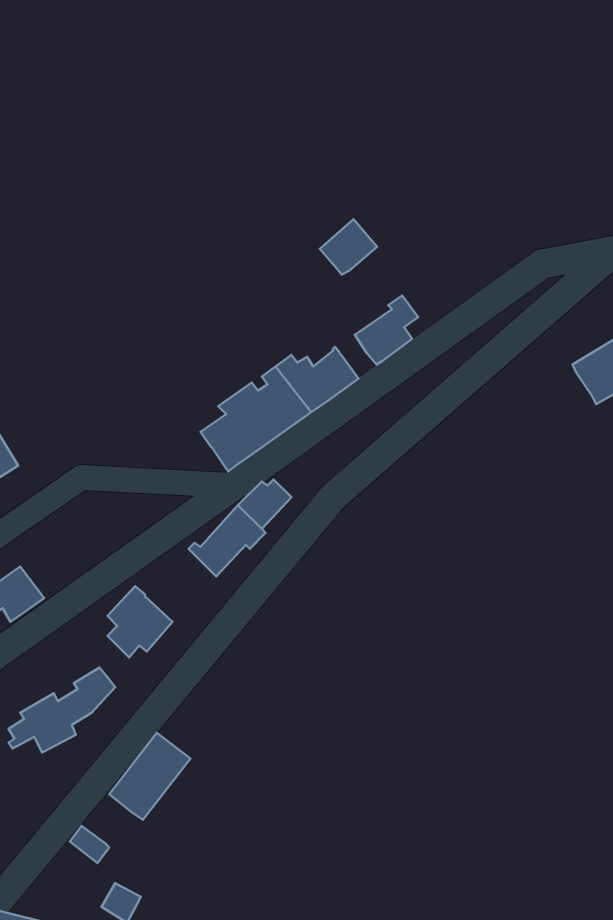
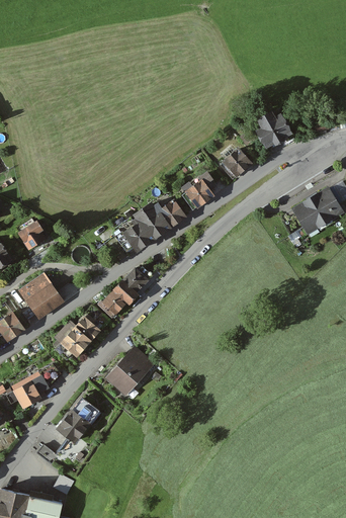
building: none -> [256,109,291,148]
building: [320,219,377,275] -> [222,150,251,178]
building: none -> [17,222,45,250]
building: none -> [20,275,63,318]
building: none -> [76,306,105,341]
building: none -> [108,349,149,394]

